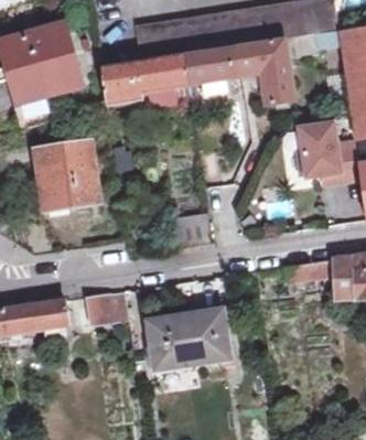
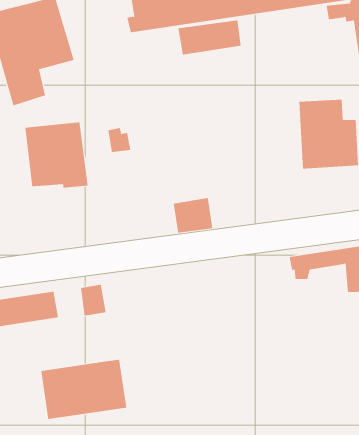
building: [235,40,294,104] -> none
building: [101,55,183,105] -> none
building: [147,309,227,365] -> [41,359,127,420]

